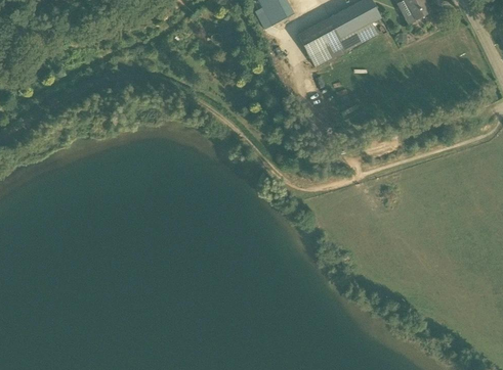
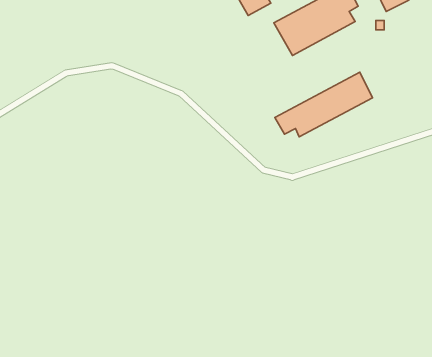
building: none -> [275,72,373,137]

